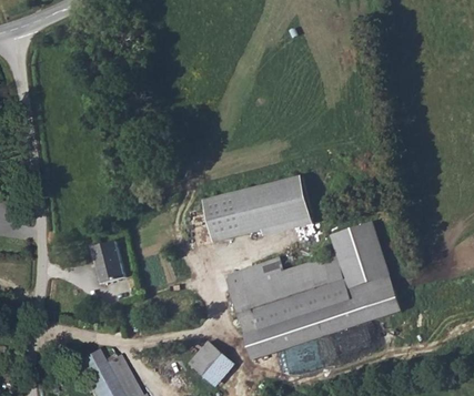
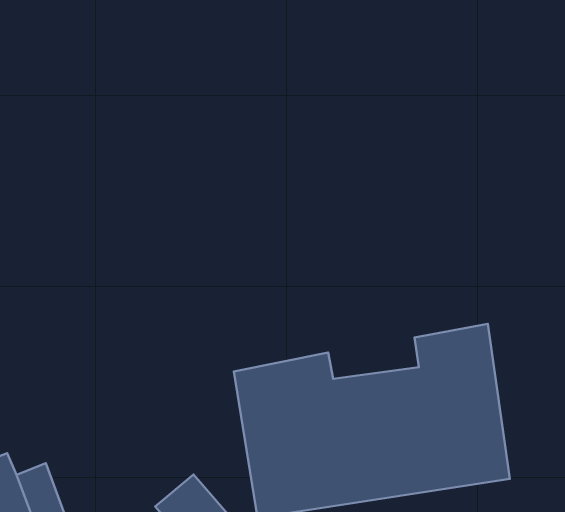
building: [202,176,312,242] -> none
building: [92,242,122,284] -> none

